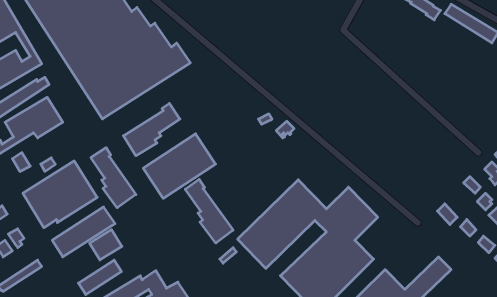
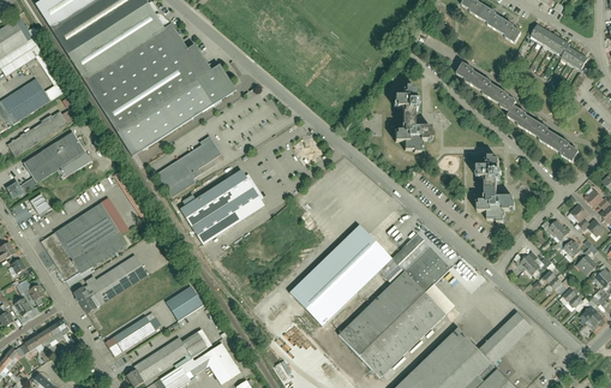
building: none -> [455,61,579,161]
building: none -> [395,88,435,153]
building: none -> [477,157,516,222]
building: [91,148,136,208] -> none
building: [185,179,233,243] -> none
building: [90,230,122,260] -> [167,286,204,321]

